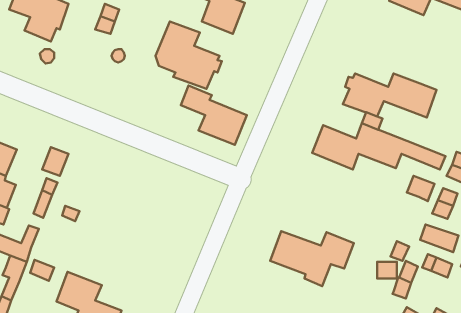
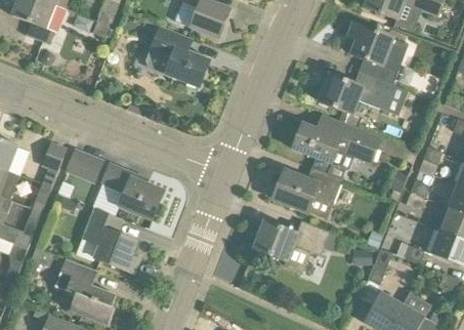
building: none -> [346,22,402,83]
building: [181,85,247,145] -> [101,163,163,218]
building: none -> [65,149,101,180]
building: none -> [276,166,341,218]
building: none -> [82,208,138,273]

